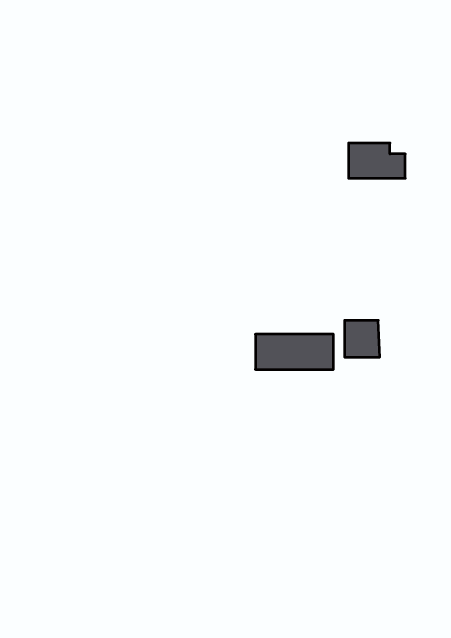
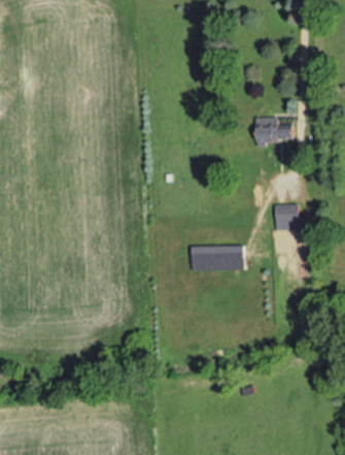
building: [345,320,380,357] -> [275,204,299,229]

